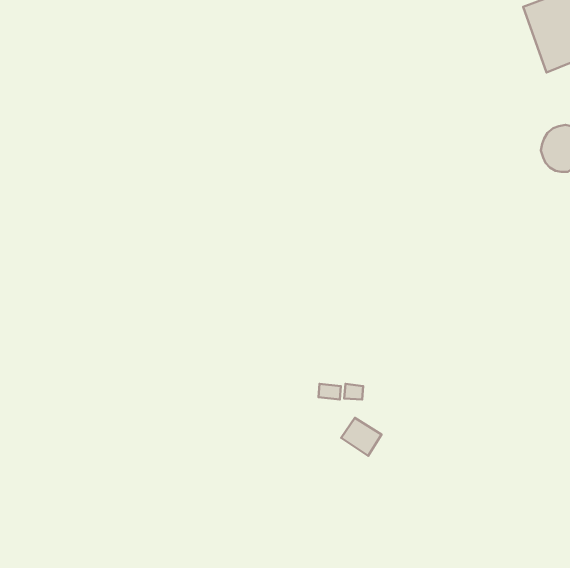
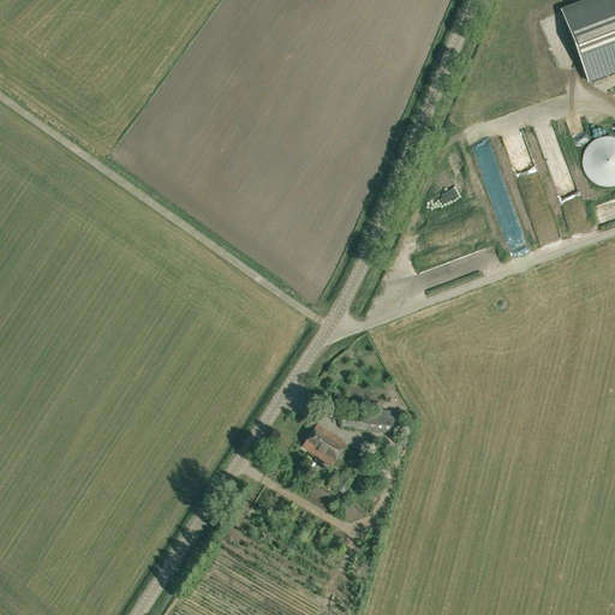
building: [341,418,382,456] -> [304,424,347,465]

